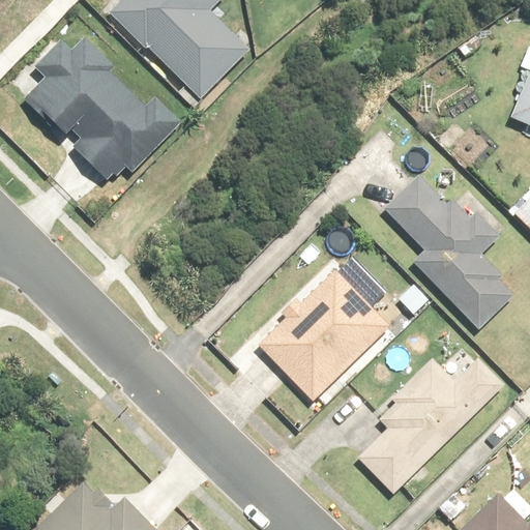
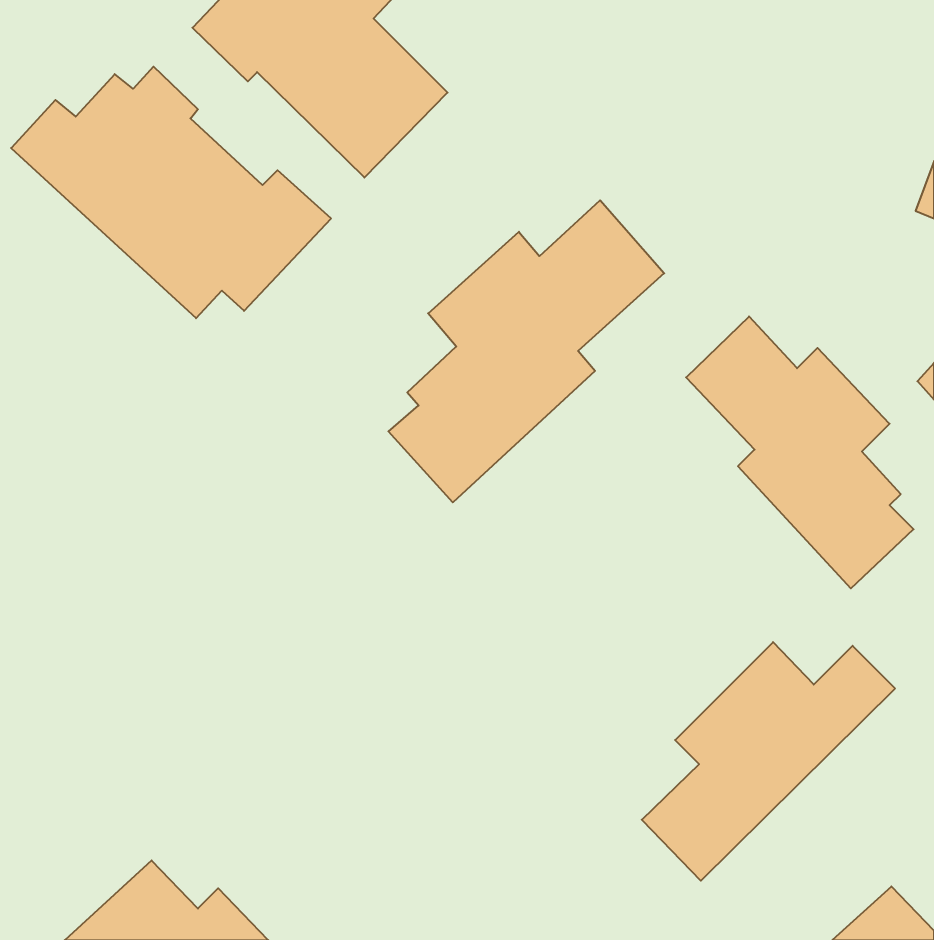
building: none -> [388,200,664,502]
building: [260,271,391,400] -> none

